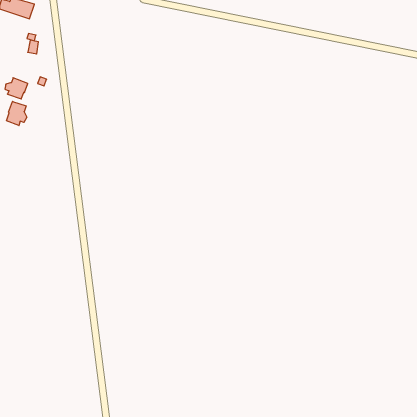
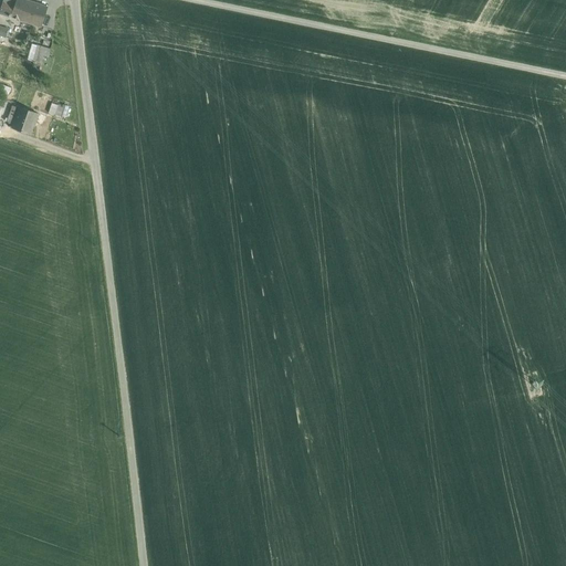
building: [6,101,27,126] -> none

